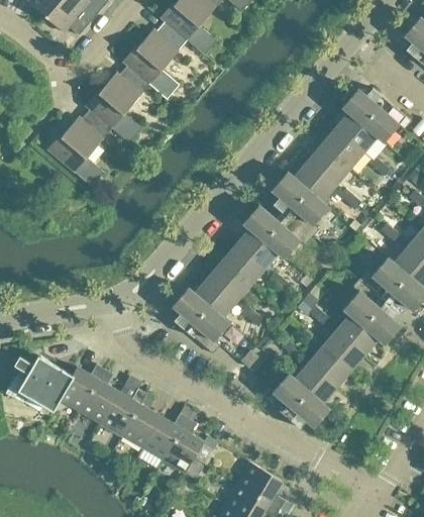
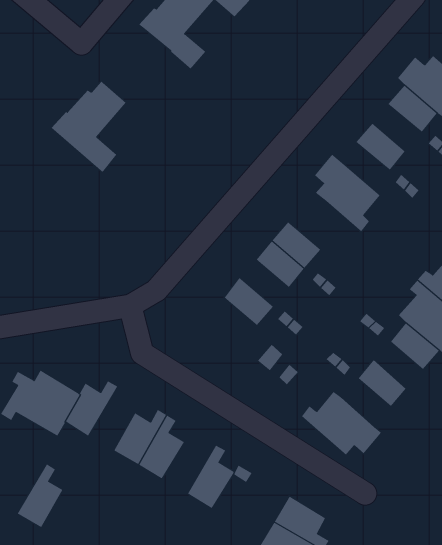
building: [85,65,149,142] -> none
building: [321,128,363,169] -> none
building: [294,161,336,201] -> none
building: [243,204,312,257] -> none
building: [208,261,250,301] -> none
building: [173,287,229,353] -> none
building: [322,330,364,371] -> none
building: [295,361,337,403] -> none
building: [80,369,119,423] -> [17,464,63,528]
building: [142,413,188,459] -> none

